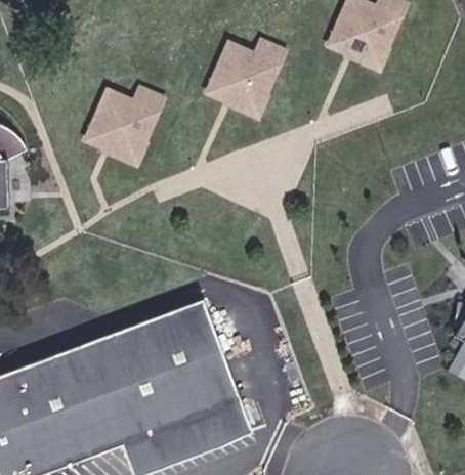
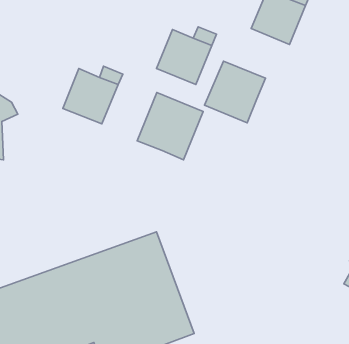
building: none -> [205,61,266,123]
building: none -> [137,93,203,160]

